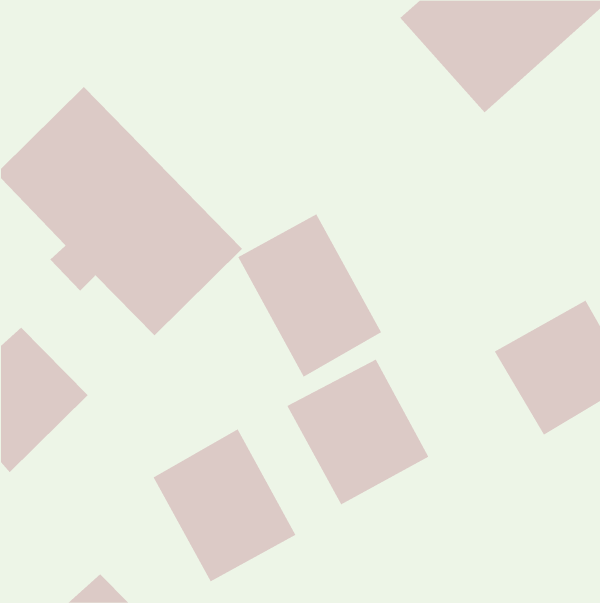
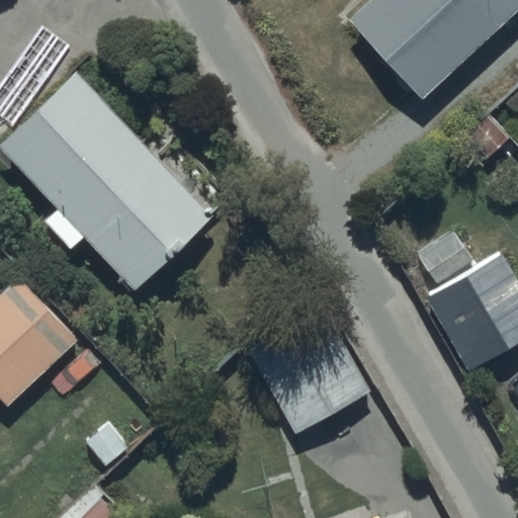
building: [237,213,382,378] -> none
building: [153,429,296,582] -> none

